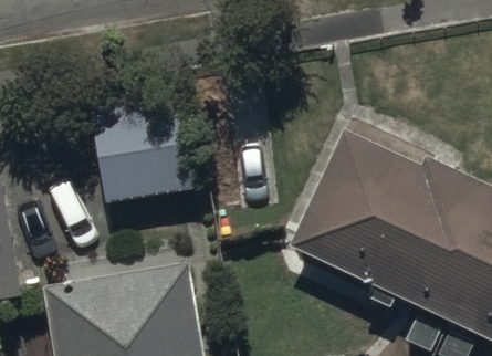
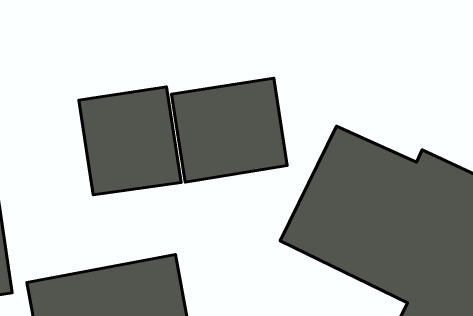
building: none -> [171,78,287,182]

